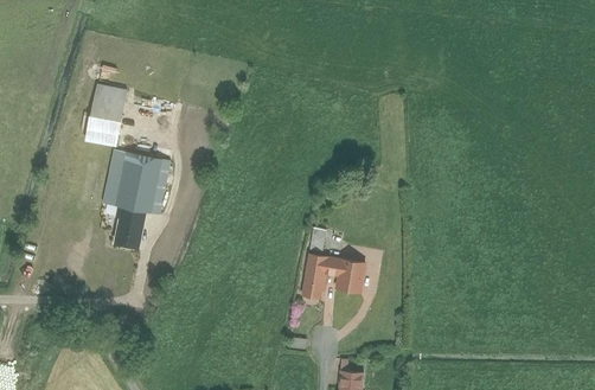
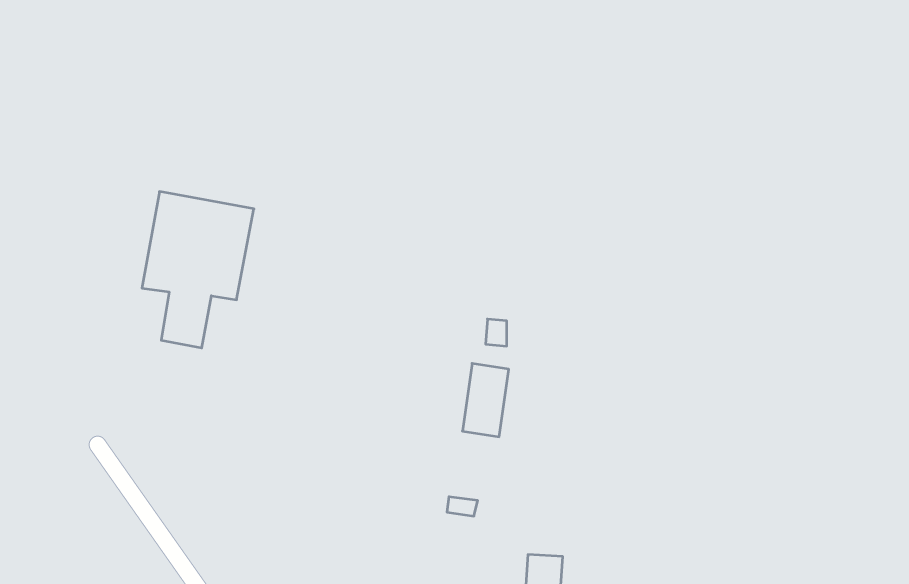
building: [85,82,126,147] -> none
building: [337,260,365,293] -> none

